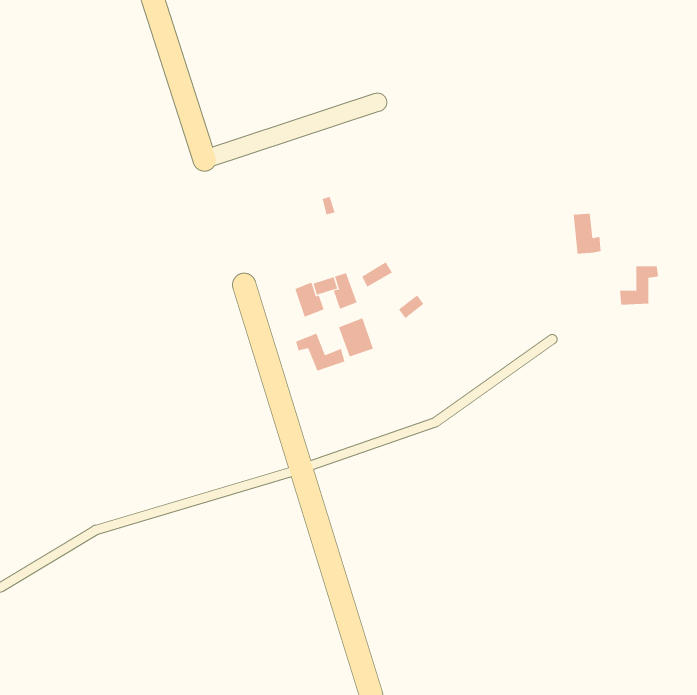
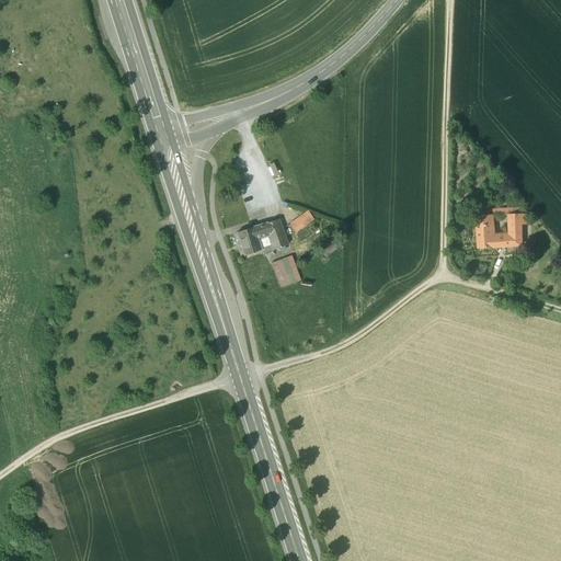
building: [573,213,601,254] -> [476,215,499,248]
building: [296,333,345,371] -> none

